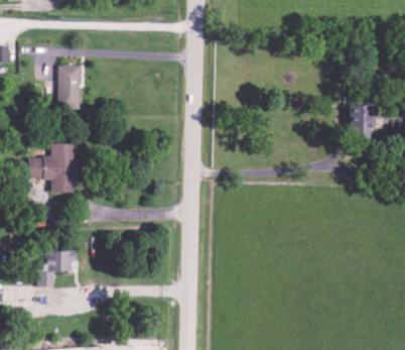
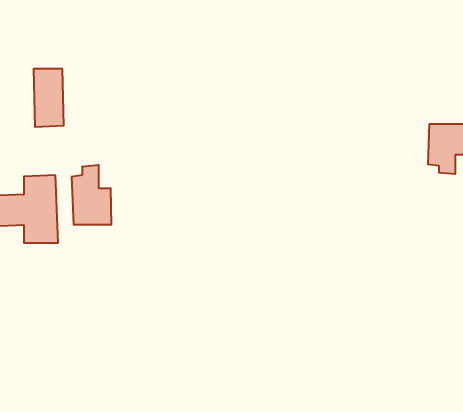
building: none -> [72,165,111,225]
building: [37,250,74,286] -> none

